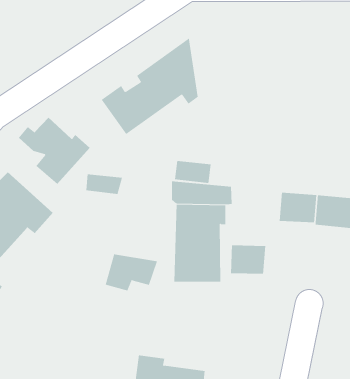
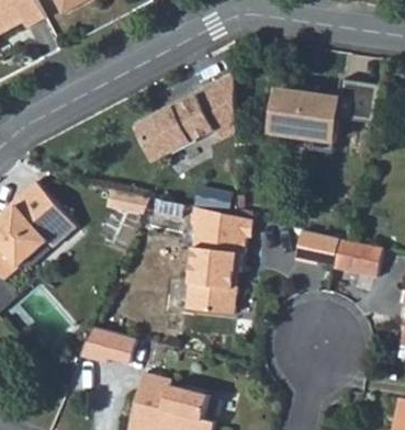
building: none -> [269,76,378,155]
building: [18,117,90,185] -> none
building: [231,245,266,275] -> none
building: [105,254,158,291] -> [81,326,136,364]

